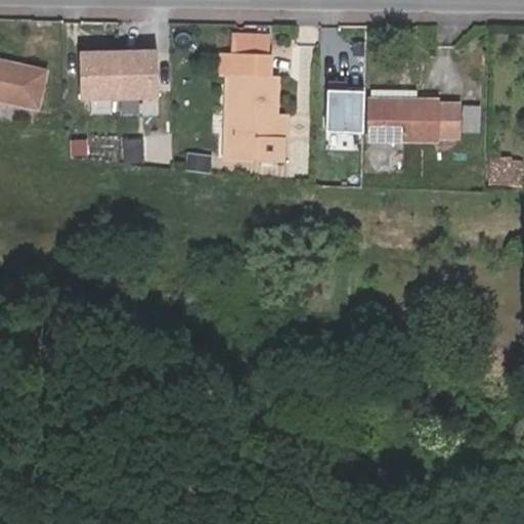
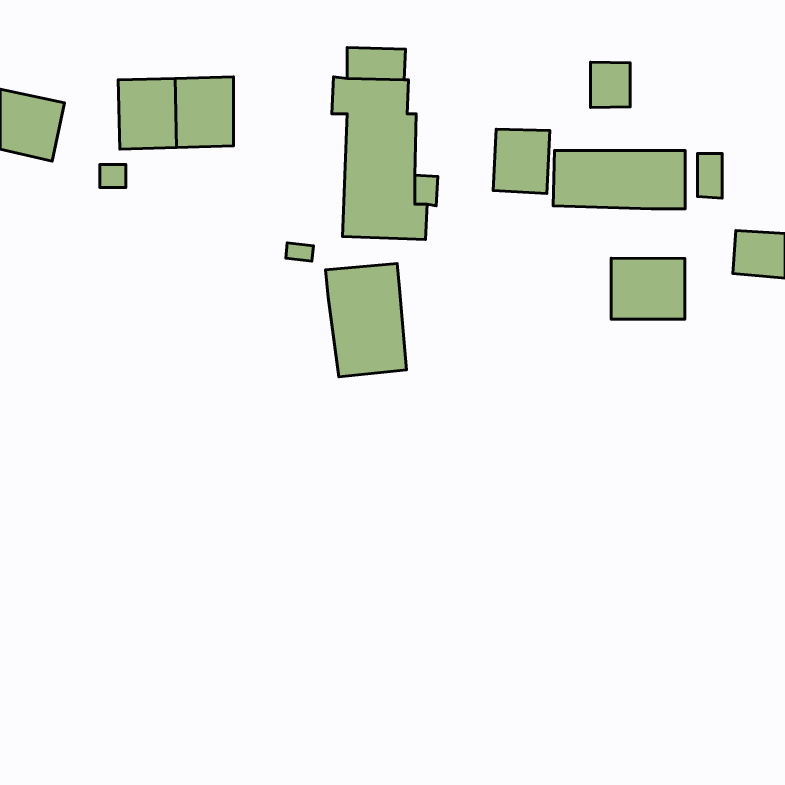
building: none -> [590,62,630,108]
building: none -> [611,258,685,319]
building: none -> [326,263,406,377]

